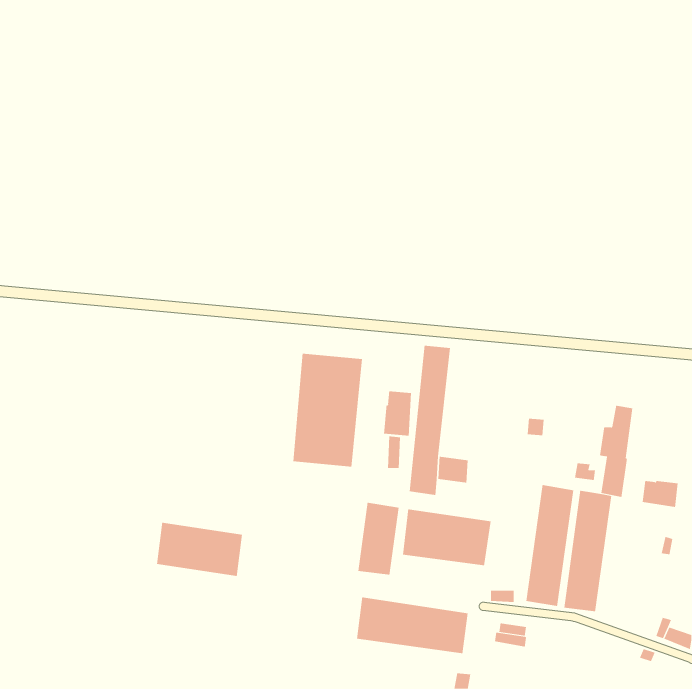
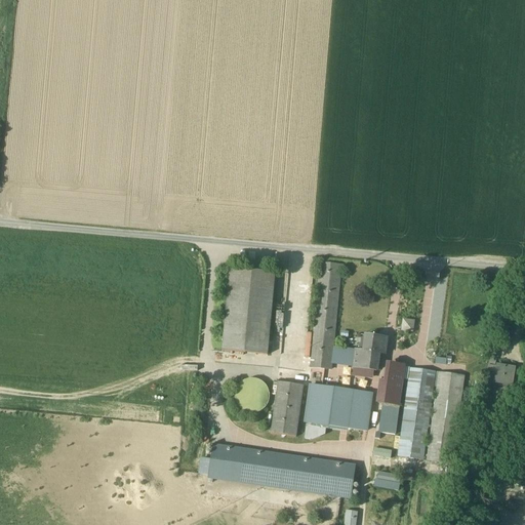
building: [384,391,411,437] -> none
building: [599,405,633,497] -> [377,364,403,434]
building: none -> [353,334,387,370]
building: none -> [235,377,269,412]
building: [156,522,243,576] -> [208,443,274,484]

